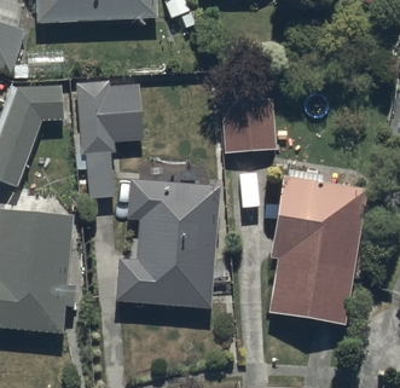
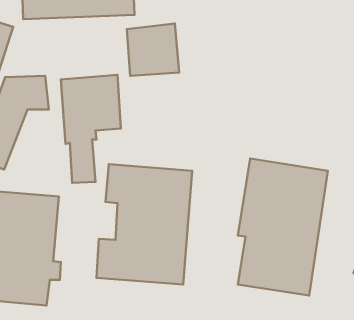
building: [220,97,277,154] -> [127,24,179,76]

